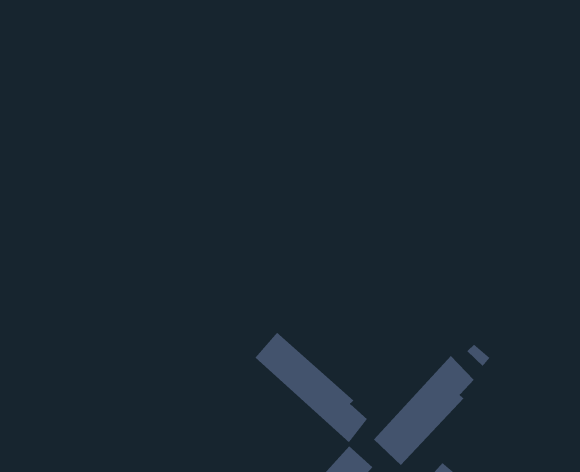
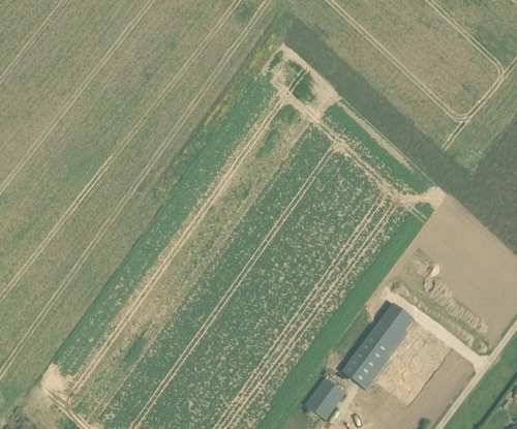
building: [255,332,368,443] -> none

